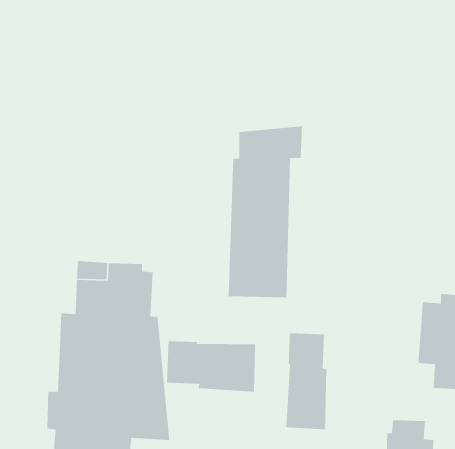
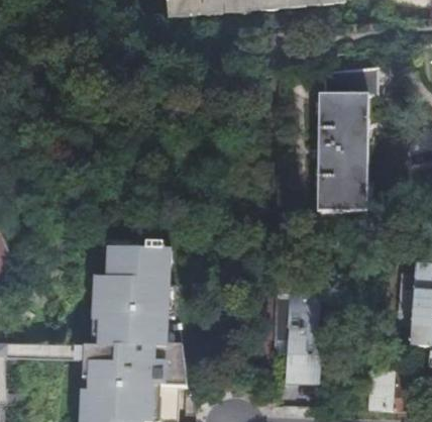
building: [228,126,303,298] -> [315,67,379,213]
building: [166,341,256,392] -> none

